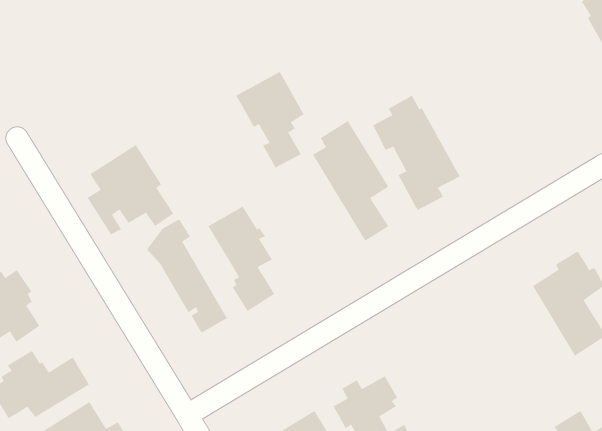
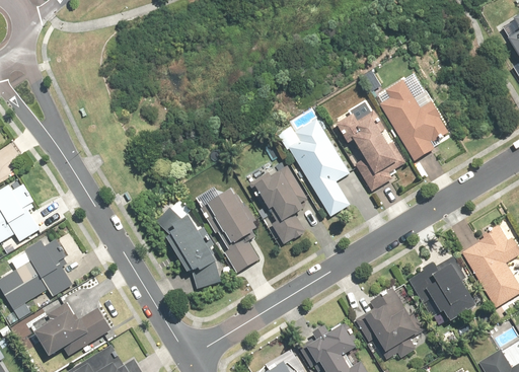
building: none -> [379,79,449,161]
building: [235,71,304,168] -> [252,165,307,242]
building: [87,144,174,235] -> none
building: none -> [409,255,474,326]
building: none -> [354,286,420,360]

